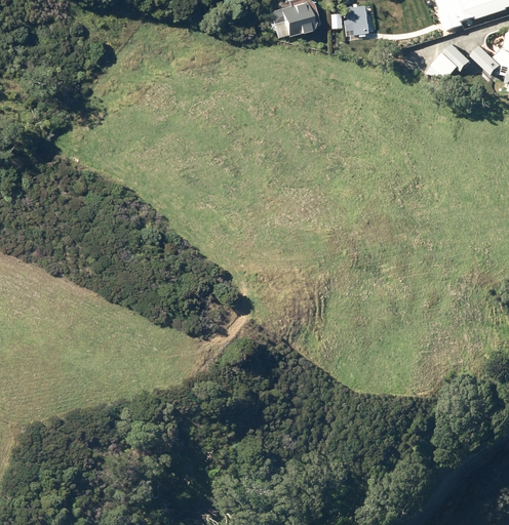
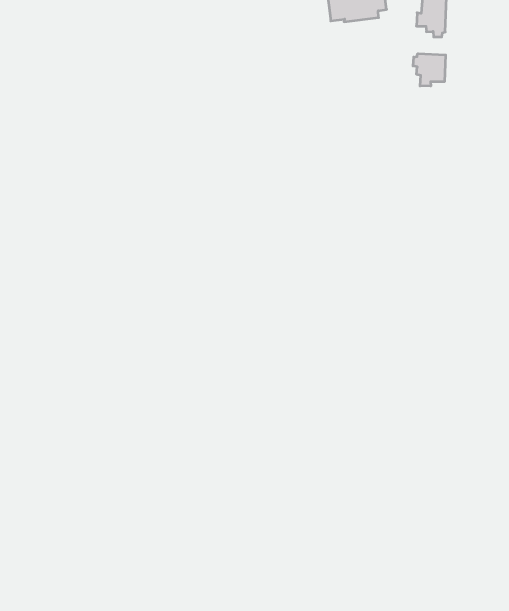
building: none -> [413,54,446,86]

